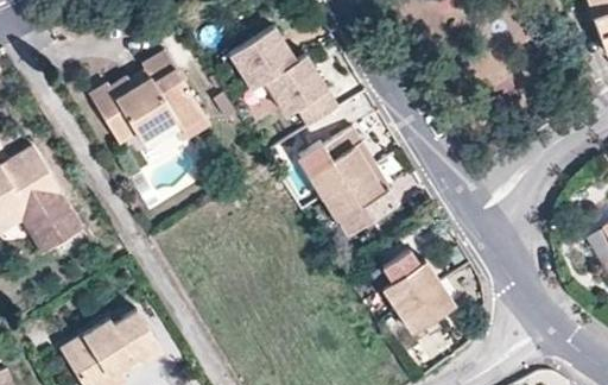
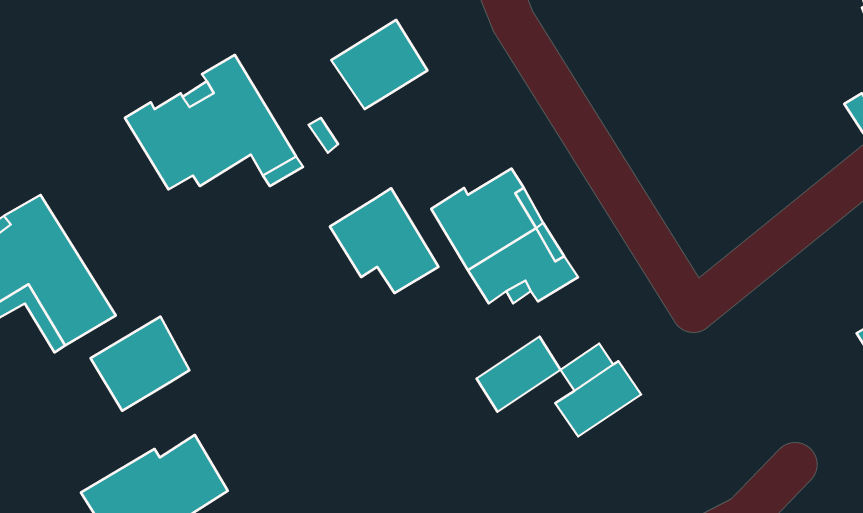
building: [265,55,338,126] -> [330,188,438,293]
building: none -> [91,316,190,411]
building: [398,282,455,333] -> [477,337,561,412]

